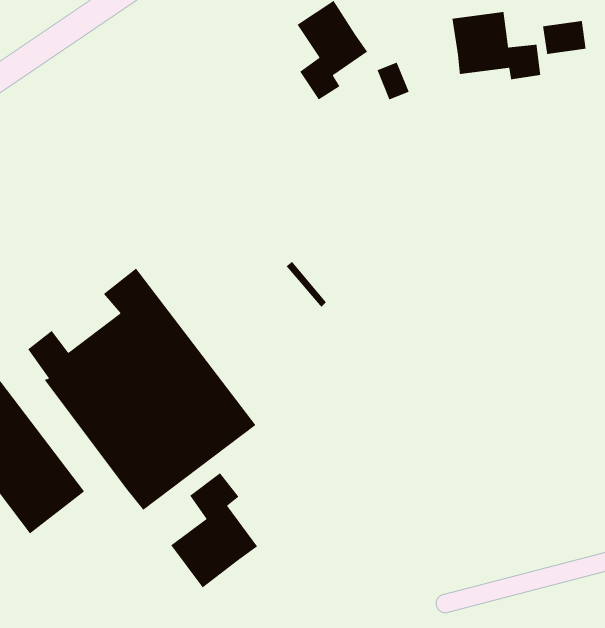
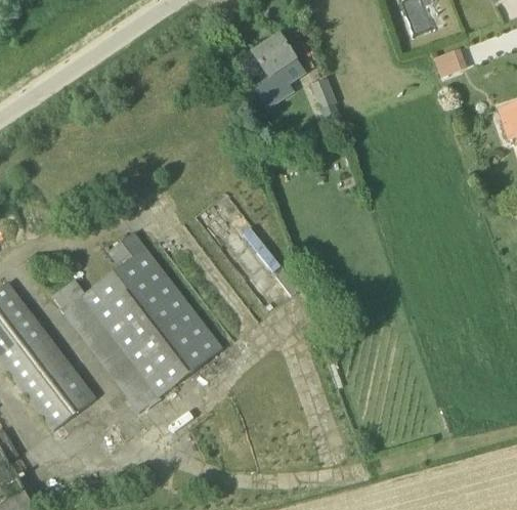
building: [452,11,541,80] -> none
building: [170,472,258,589] -> none

